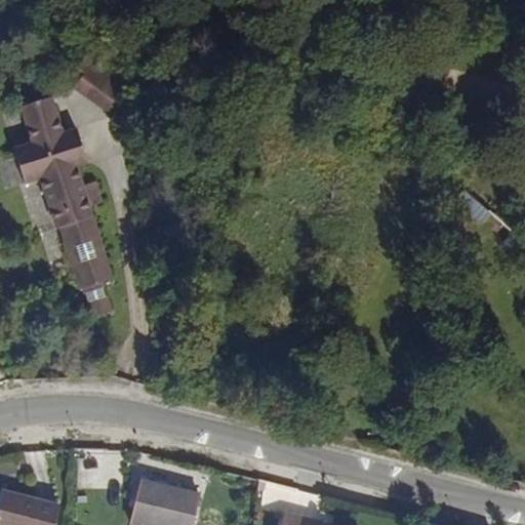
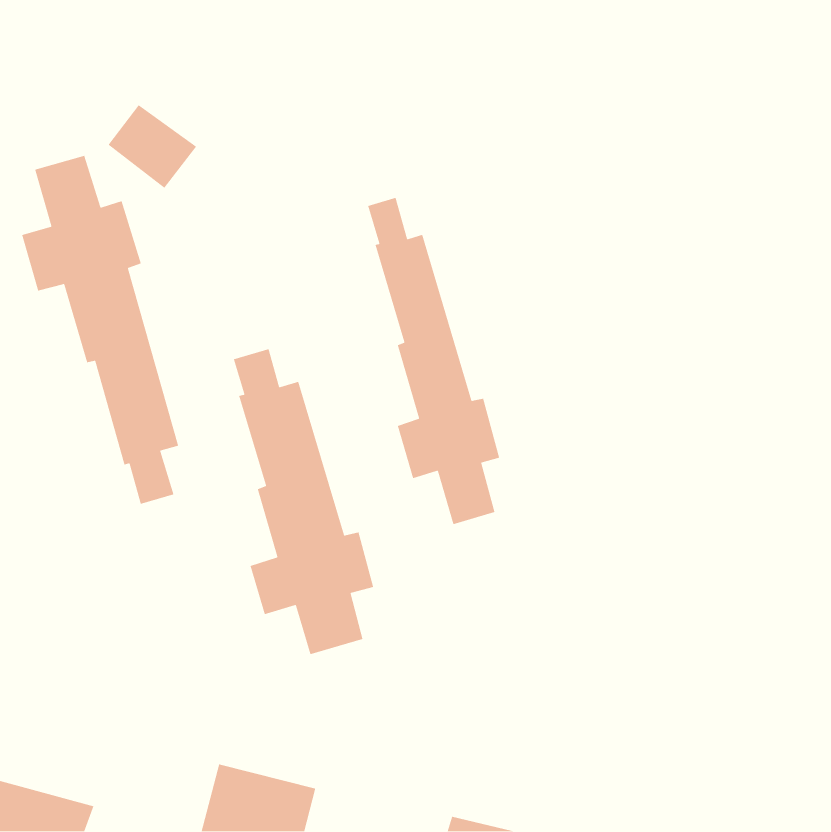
building: none -> [367,197,500,525]
building: none -> [233,348,374,655]

